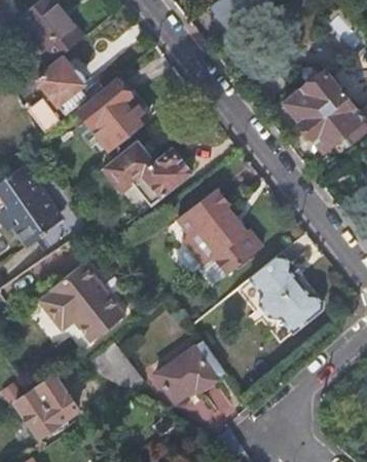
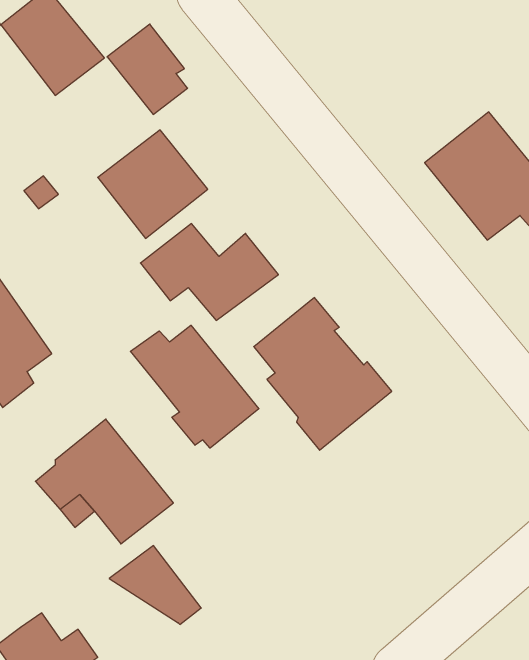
building: [35,55,85,112] -> [107,24,188,114]
building: none -> [130,325,259,448]
building: [251,255,325,333] -> none
building: [153,341,224,400] -> none

